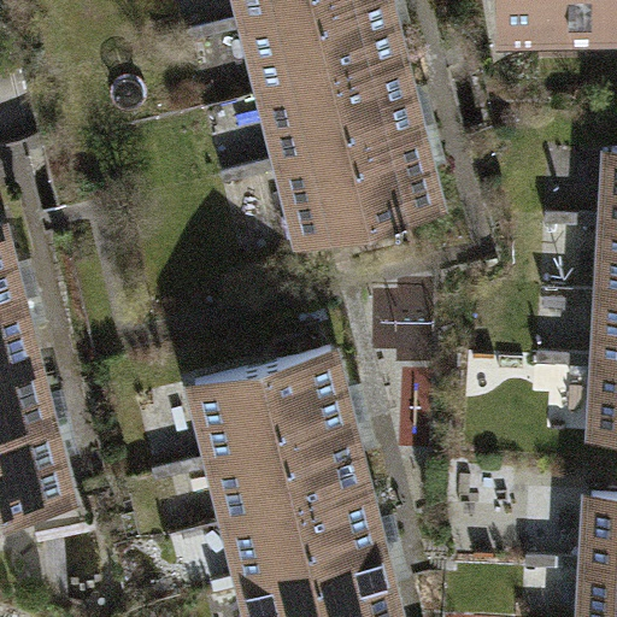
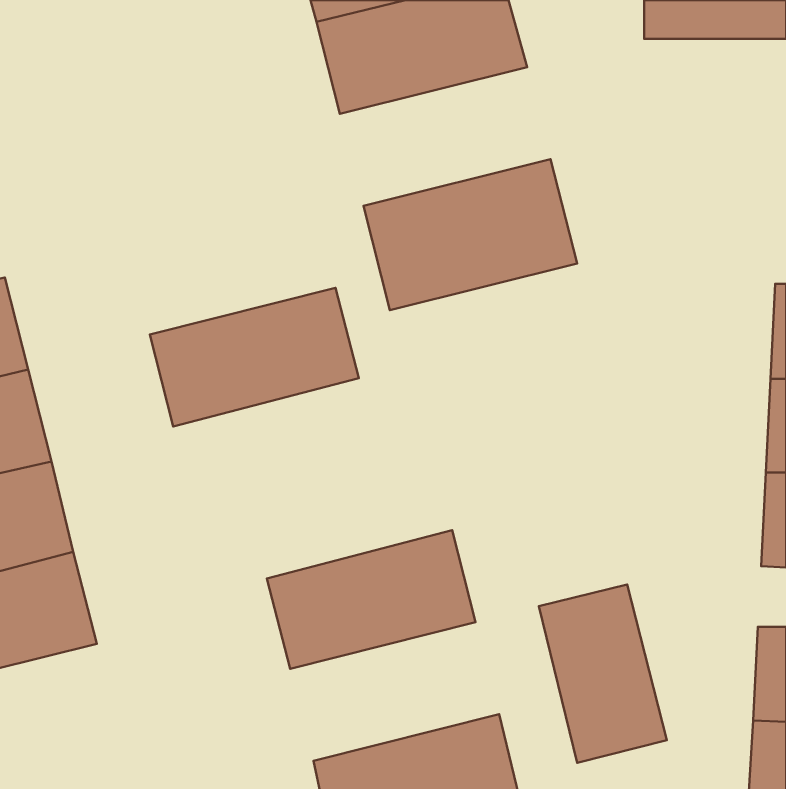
building: [263,58,425,165] -> none
building: [188,346,349,453] -> [150,288,359,427]
building: none -> [539,584,667,763]
building: [224,487,386,594] -> none

